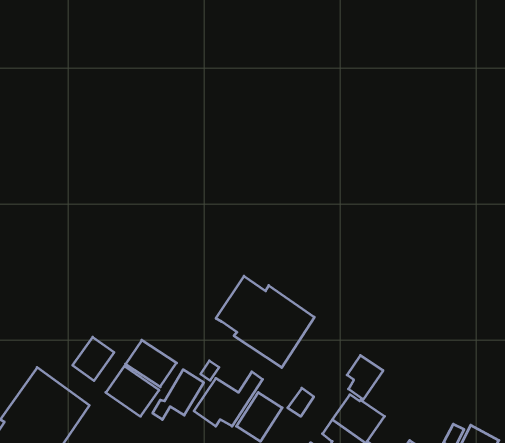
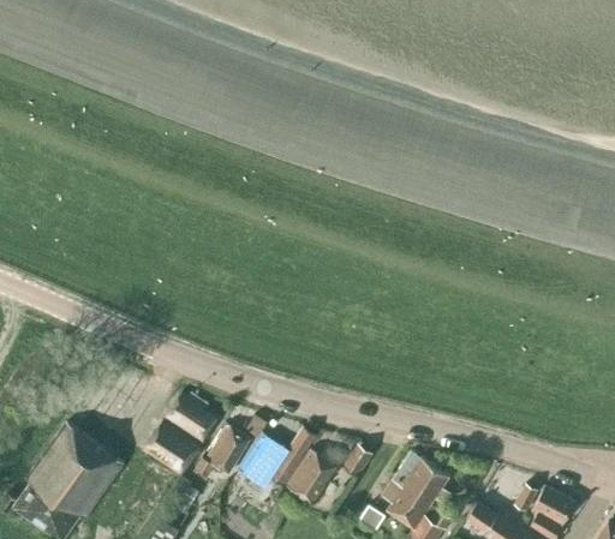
building: [216,276,314,368] -> none
building: [73,337,114,381] -> none
building: [347,355,383,399] -> none

